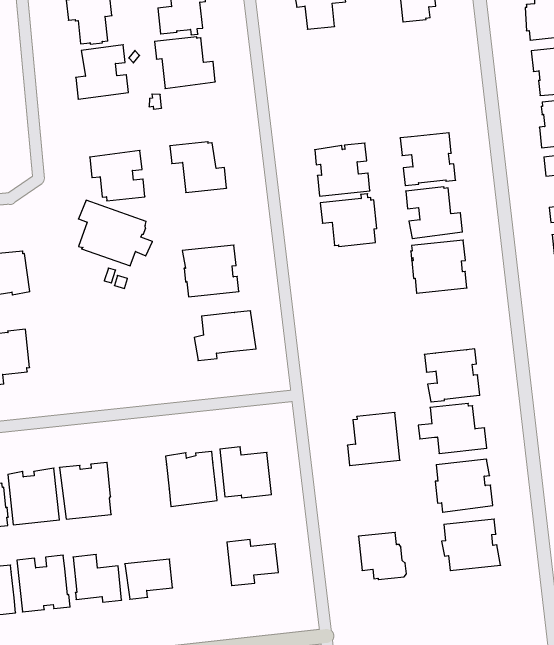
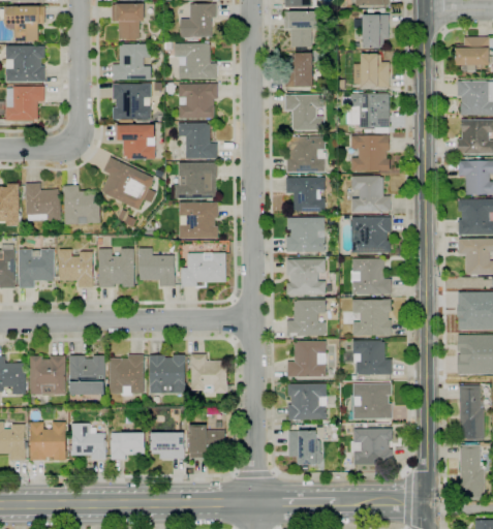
building: none -> [353,54,390,88]
building: none -> [284,53,312,87]
building: none -> [342,94,390,132]
building: none -> [179,84,218,118]
building: none -> [285,95,323,131]
building: none -> [113,84,151,120]
building: none -> [175,162,217,198]
building: none -> [64,185,100,224]
building: none -> [285,217,325,252]
building: none -> [350,258,391,294]
building: none -> [286,259,325,294]
building: none -> [138,248,175,286]
building: none -> [99,249,134,287]
building: none -> [59,249,93,287]
building: none -> [287,300,326,336]
building: none -> [109,354,144,396]
building: none -> [287,383,327,419]
building: none -> [151,433,184,459]

